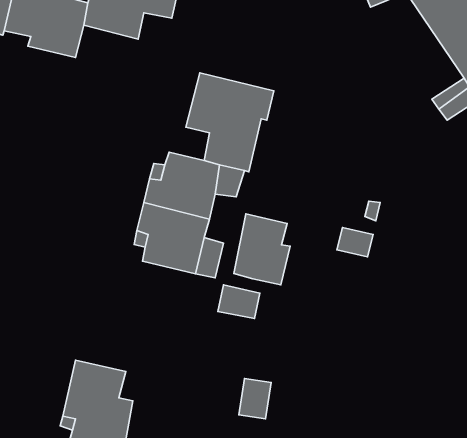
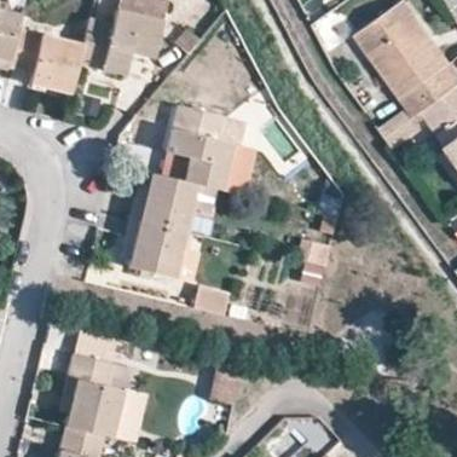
building: [234,214,290,285] -> none

